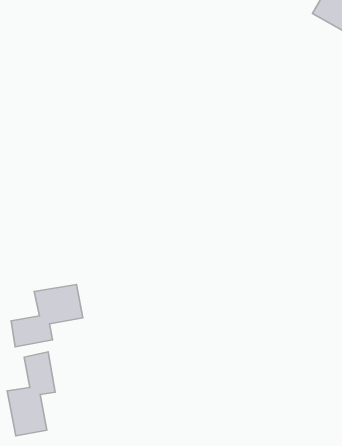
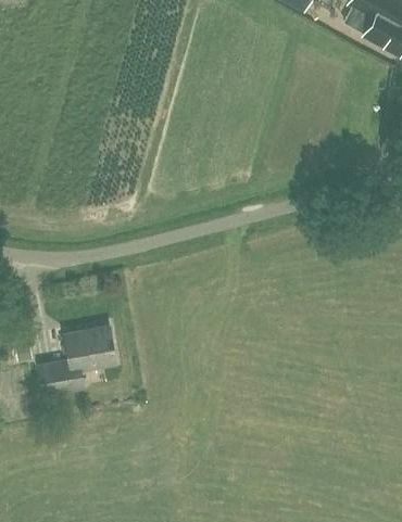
building: [7,352,55,436] -> none

